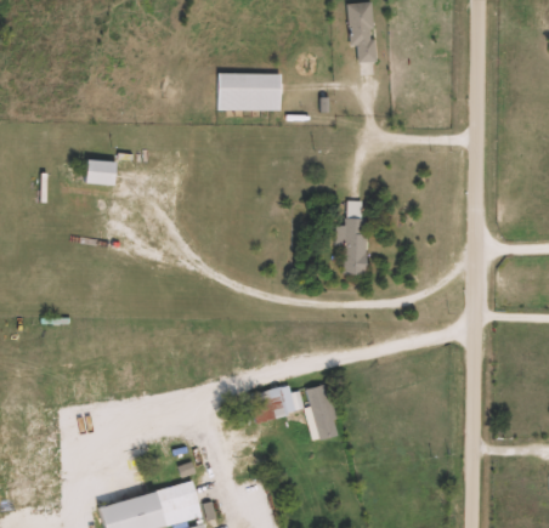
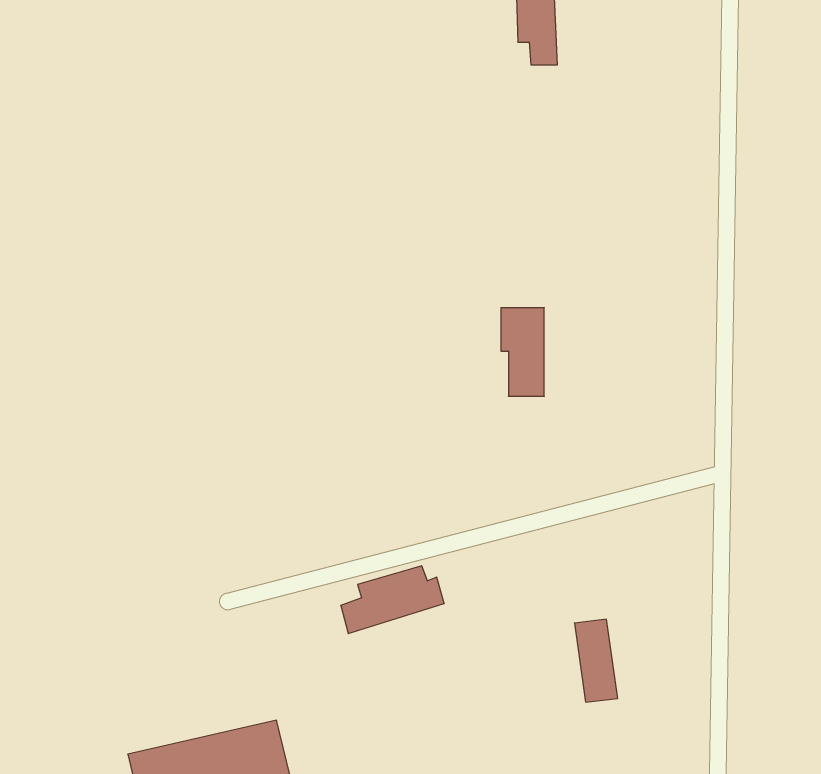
building: [217,73,281,109] -> none
building: [85,160,117,183] -> none
building: [309,385,336,438] -> [574,619,618,702]

